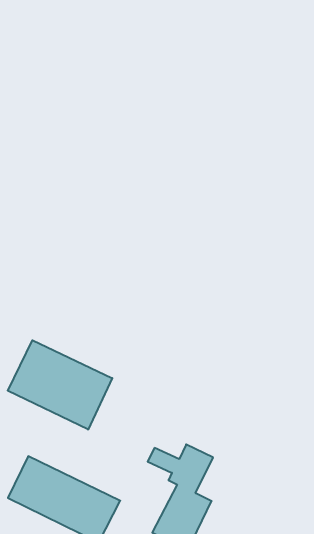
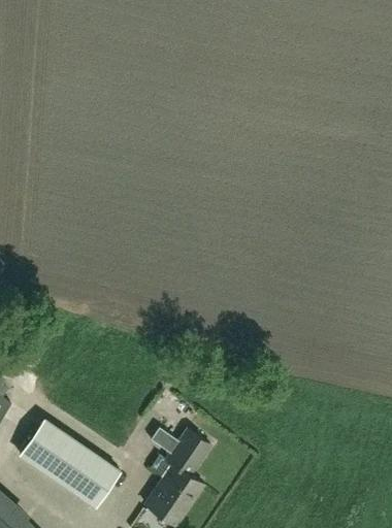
building: [8,340,112,430] -> none

